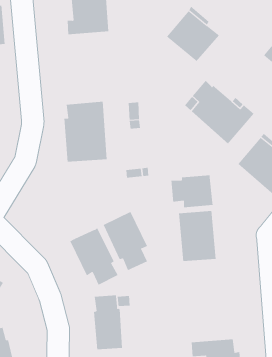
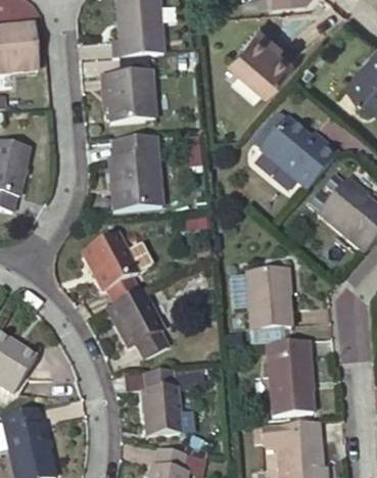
building: none -> [102,68,155,122]
building: [171,175,213,208] -> none
building: [103,211,148,271] -> [92,230,146,301]
building: none -> [267,339,313,416]

